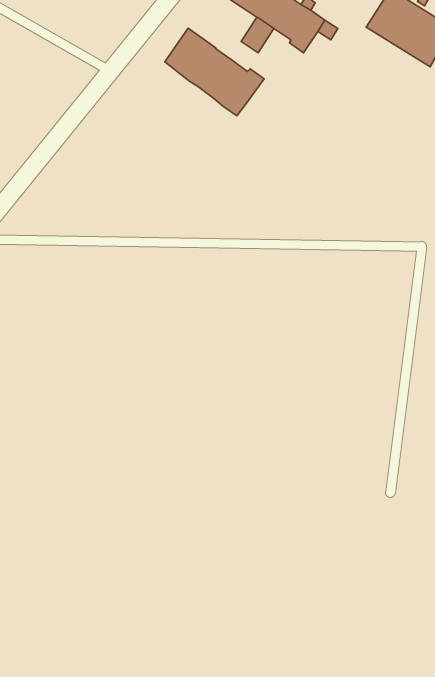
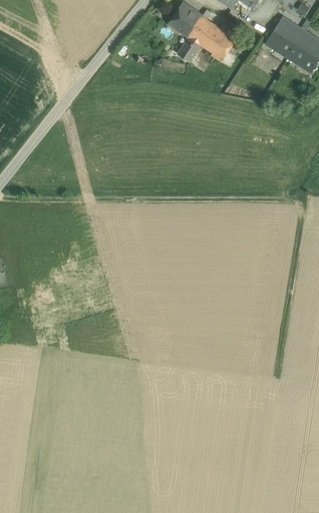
building: [165,28,264,116] -> none

